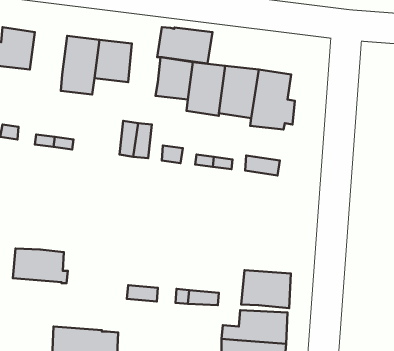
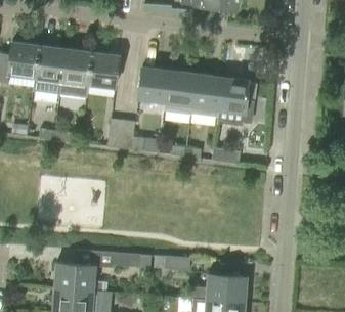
building: [157,27,212,64] -> none
building: none -> [34,46,66,94]
building: [13,248,68,283] -> [54,263,99,292]
building: [241,270,291,308] -> none

